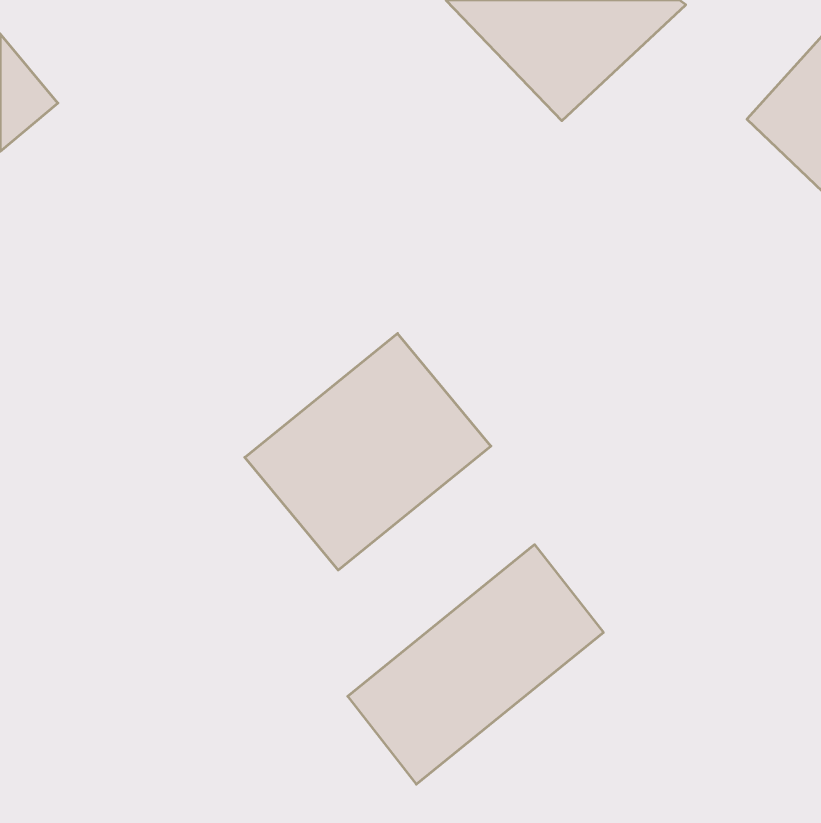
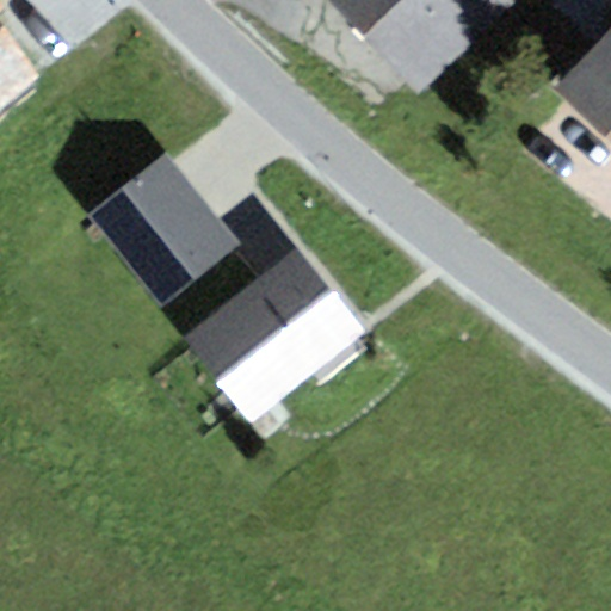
building: none -> [88,153,241,307]
building: [348,545,603,784] -> none

